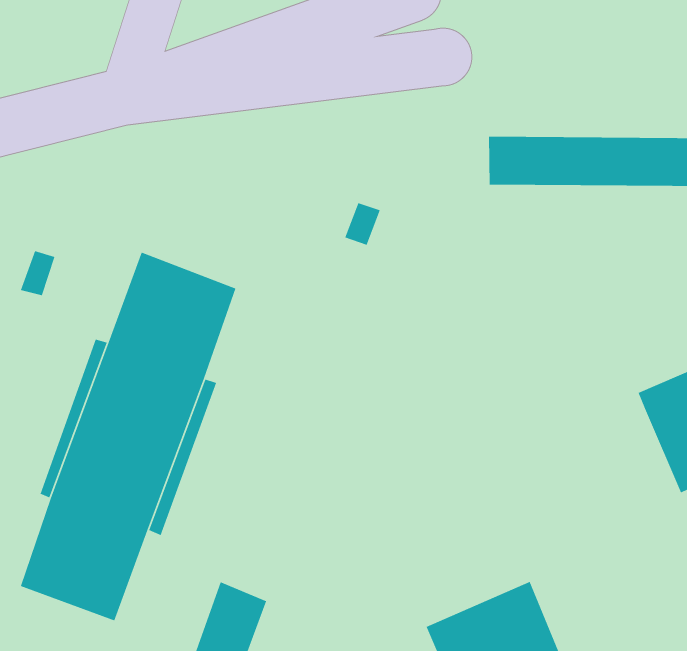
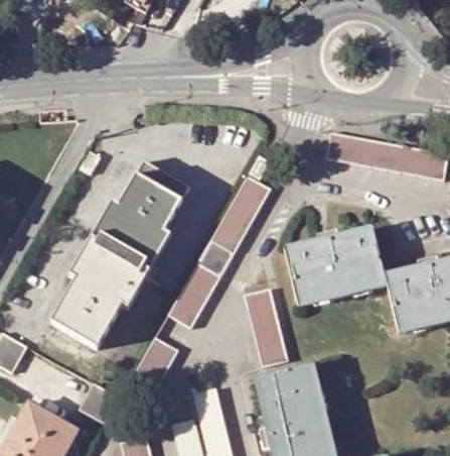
building: none -> [209,177,270,254]
building: none -> [286,230,387,307]
building: none -> [168,263,219,327]
building: none -> [247,289,289,367]

